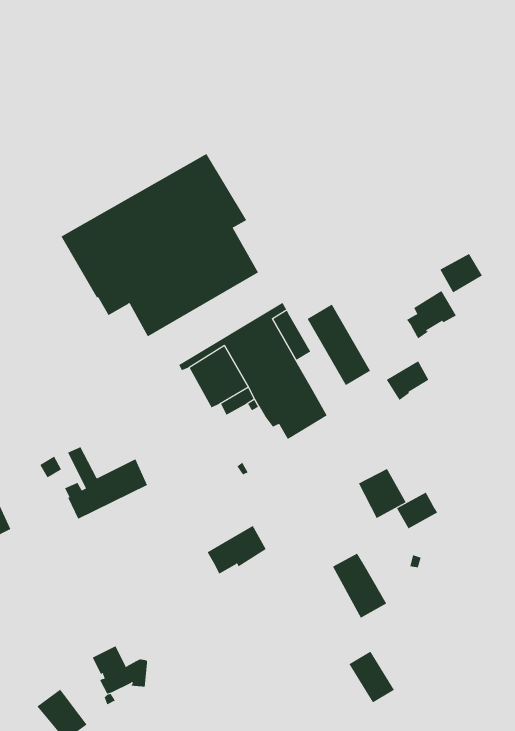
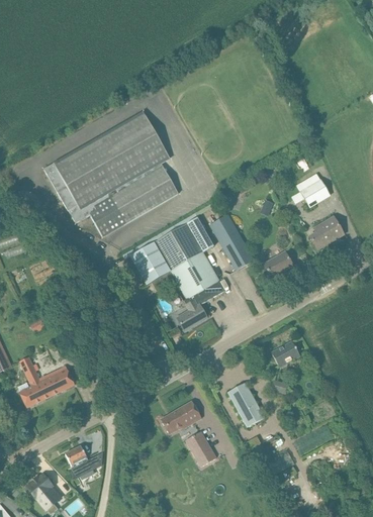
building: [406,290,457,339] -> [309,215,344,248]
building: none -> [177,295,207,329]
building: [64,446,148,520] -> [17,356,74,406]
building: [358,468,407,519] -> none
building: [207,525,267,575] -> [161,400,201,433]
building: [349,651,395,703] -> [185,430,216,466]

